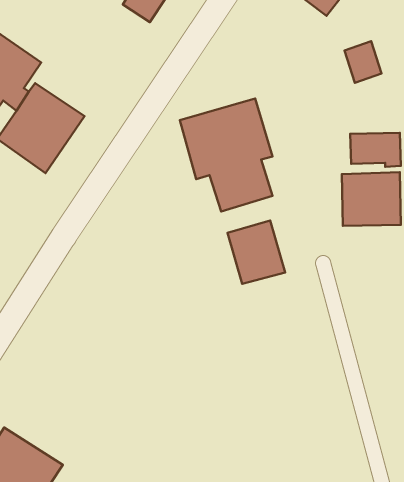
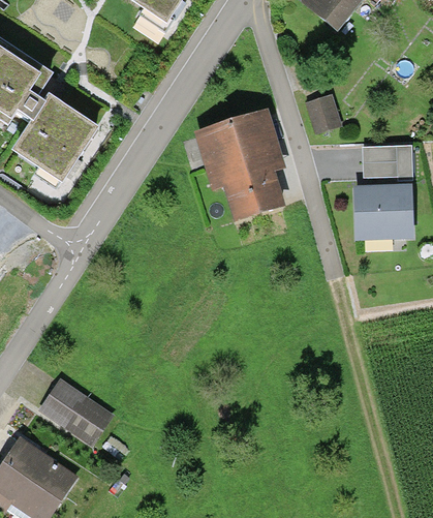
building: [344,41,382,83] -> [305,91,342,132]
building: [227,221,285,284] -> none
building: none -> [39,379,112,445]

